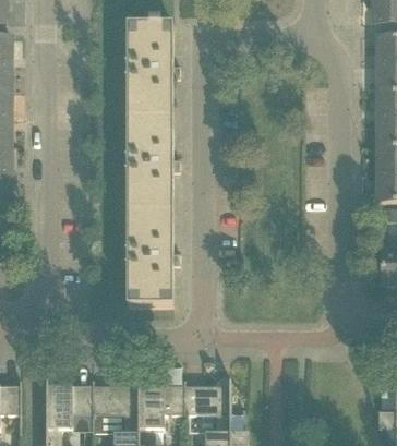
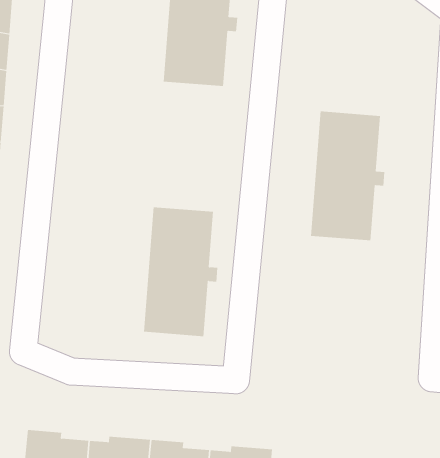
building: [127,118,179,212] -> [310,111,385,241]

